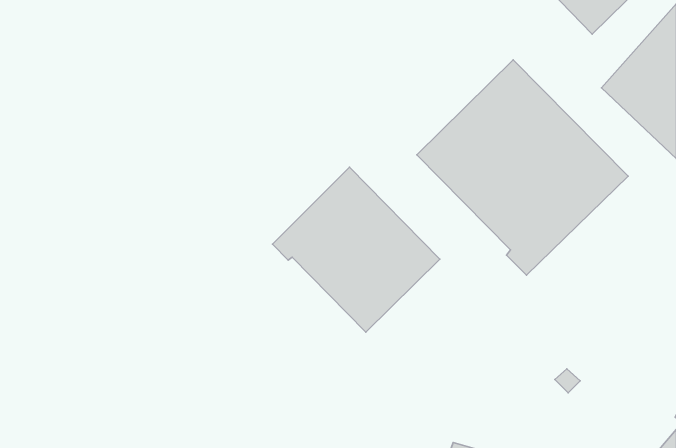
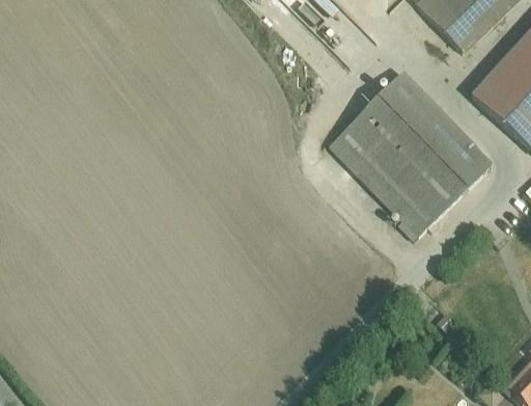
building: [273,167,440,332] -> none

